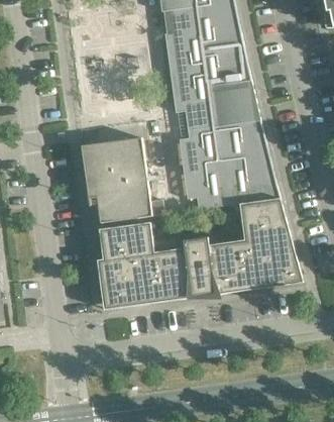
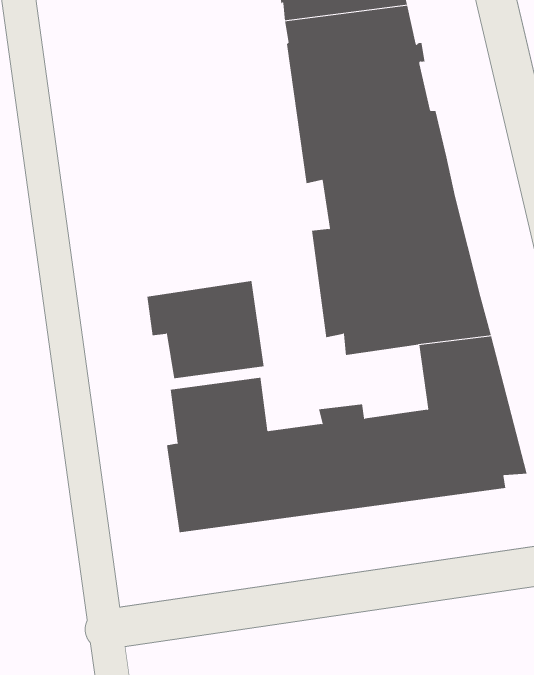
building: [83,137,146,176] -> none

